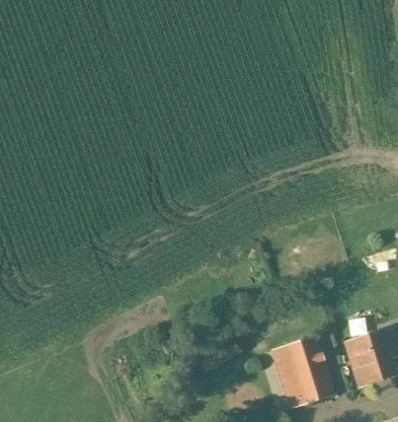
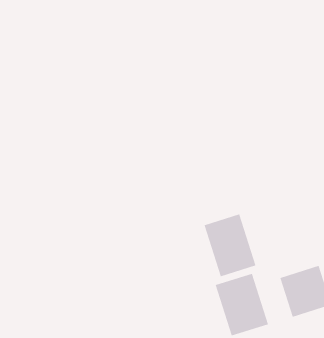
building: none -> [204,213,256,277]

